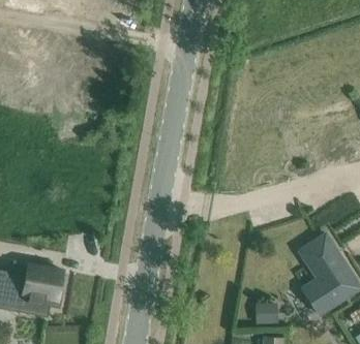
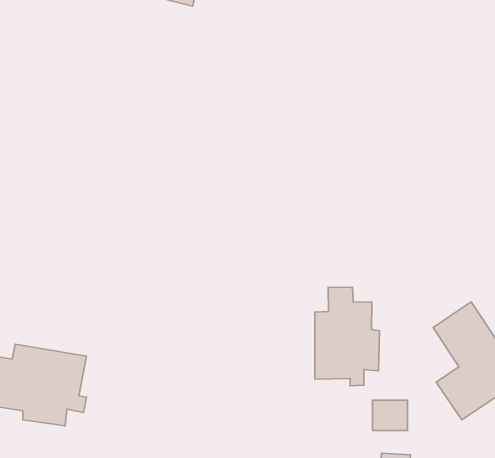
building: none -> [315,287,379,386]

